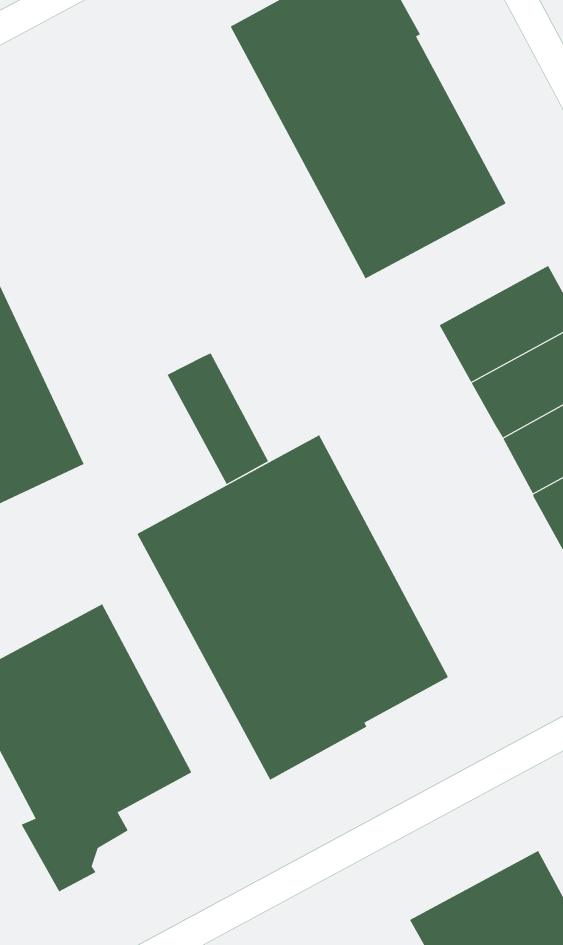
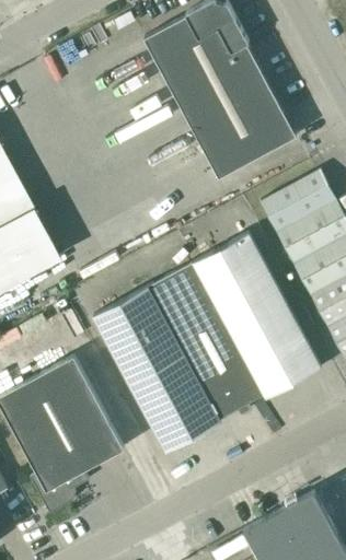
building: [167,352,269,485] -> none
building: none -> [193,232,321,397]

